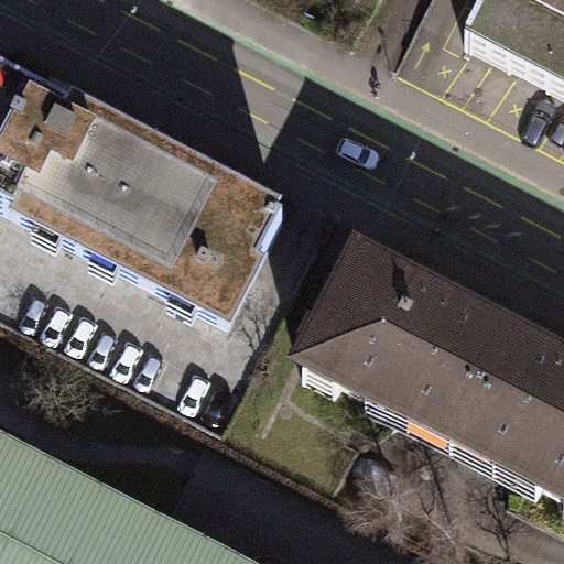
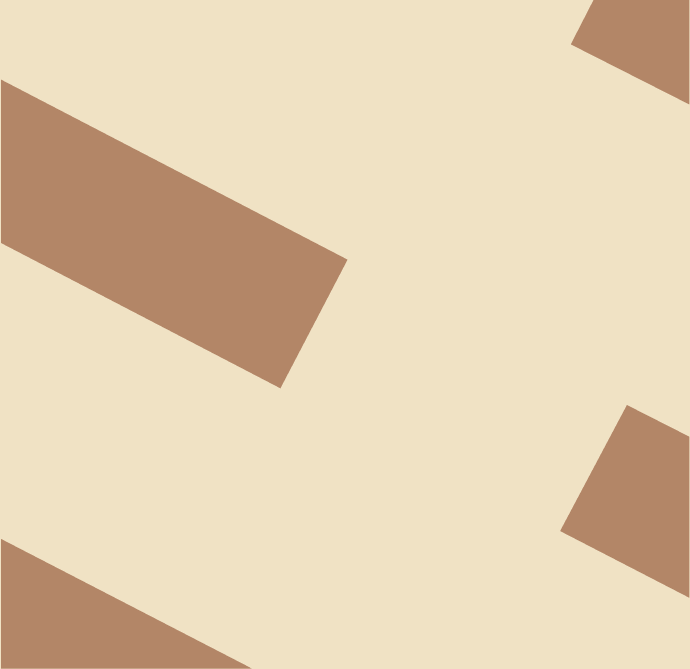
building: [303,251,511,433] -> none

